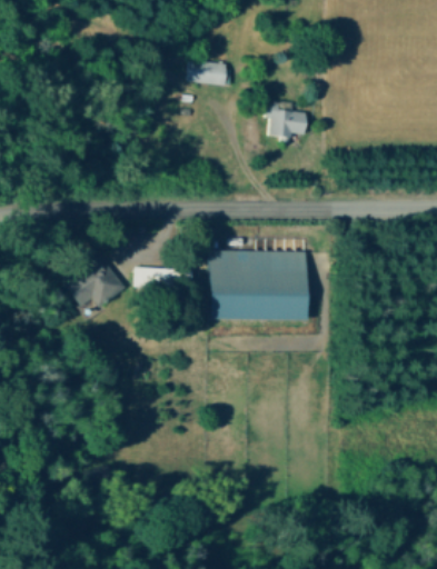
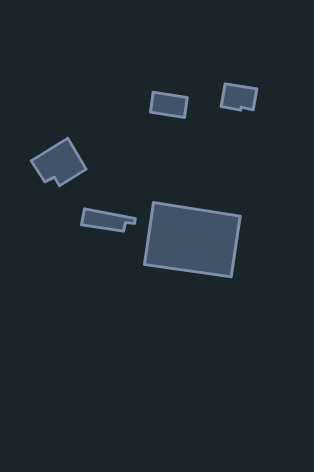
building: [189,61,227,84] -> [151,92,187,118]
building: [64,256,126,309] -> [31,138,86,186]

